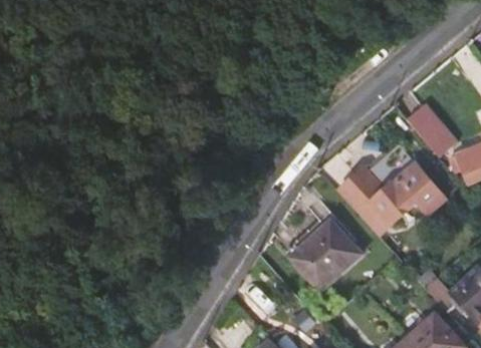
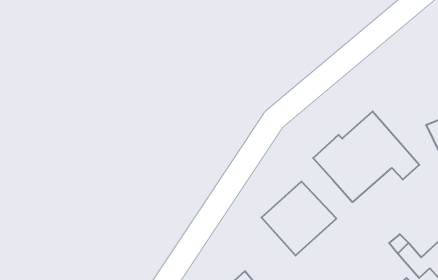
building: [407,103,457,155] -> none

